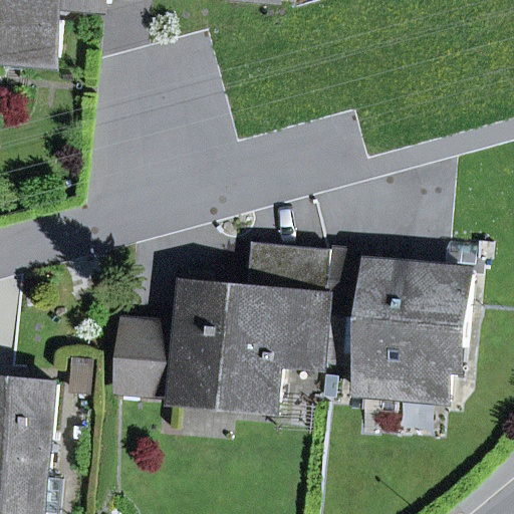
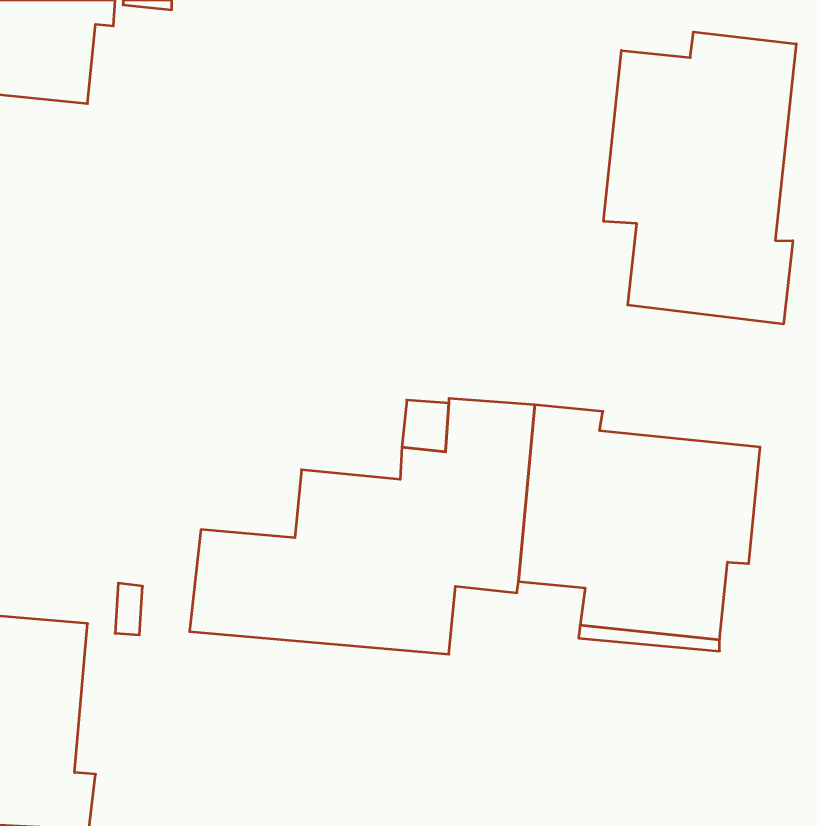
building: none -> [604,32,796,324]

